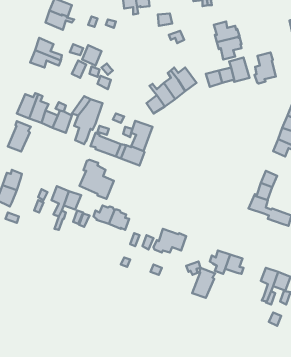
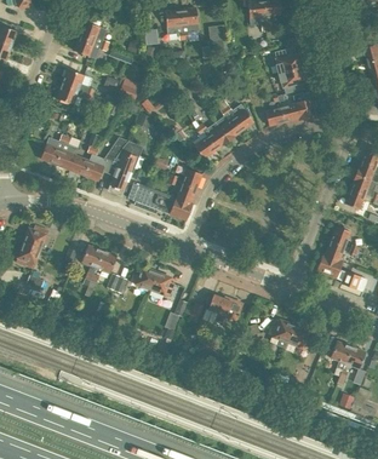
building: [255,52,276,84] -> none
building: [8,121,31,151] -> none
building: [80,160,114,199] -> none
building: [192,268,215,298] -> none

